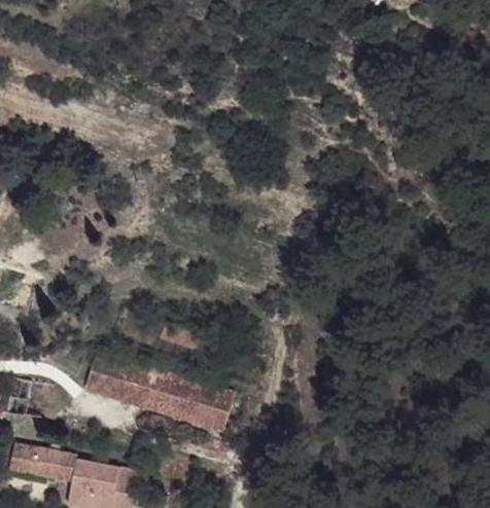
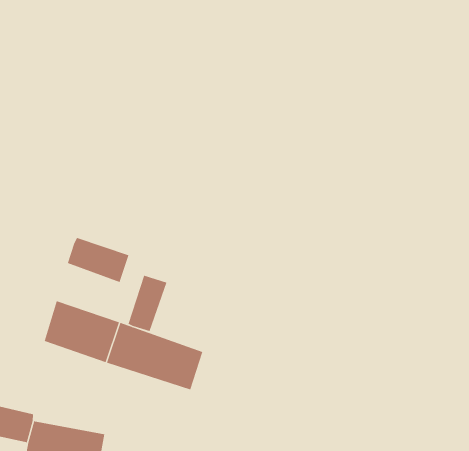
building: none -> [67,237,129,283]
building: none -> [128,275,167,332]

